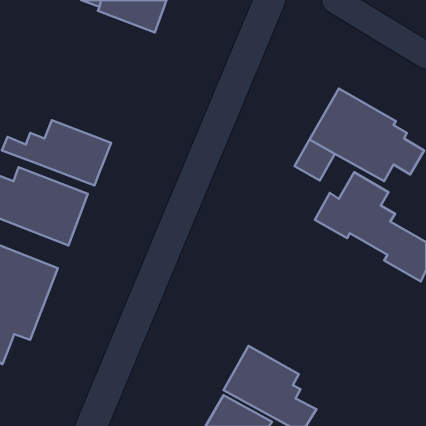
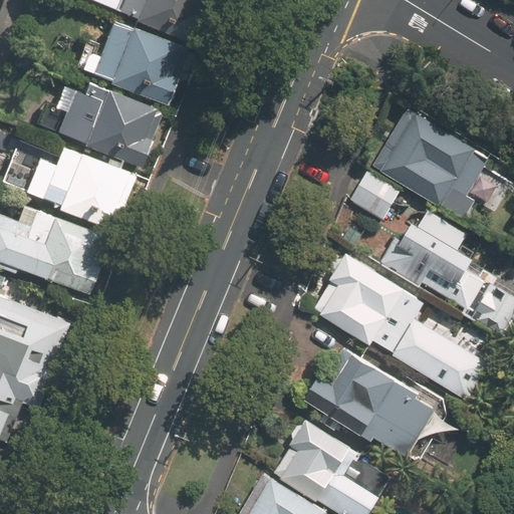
building: none -> [93,22,183,97]
building: none -> [56,82,159,166]
building: none -> [313,251,489,400]
building: none -> [305,347,435,457]

